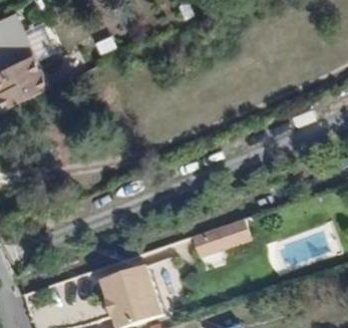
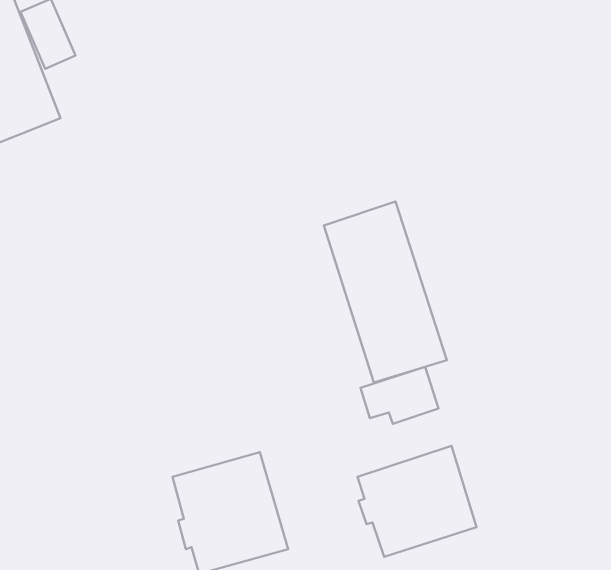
building: none -> [324,202,447,382]
building: none -> [357,446,476,557]

